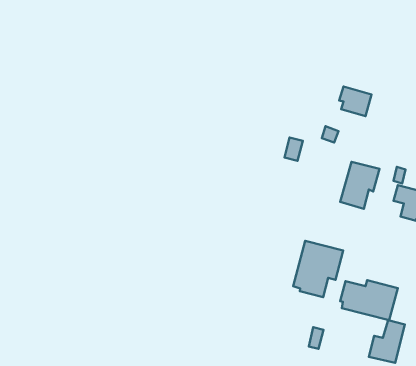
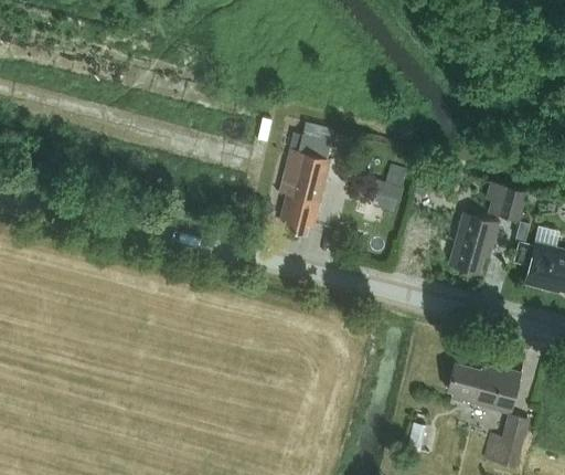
building: [339,87,372,116] -> [483,182,524,220]
building: none -> [280,123,332,233]
building: [293,241,343,297] -> none

